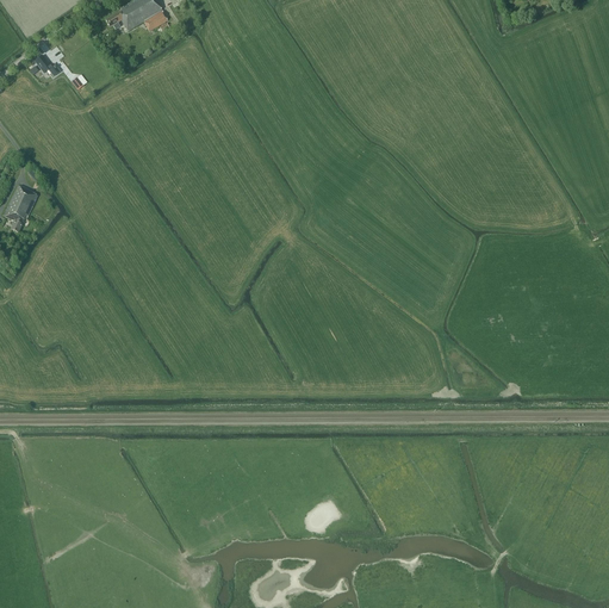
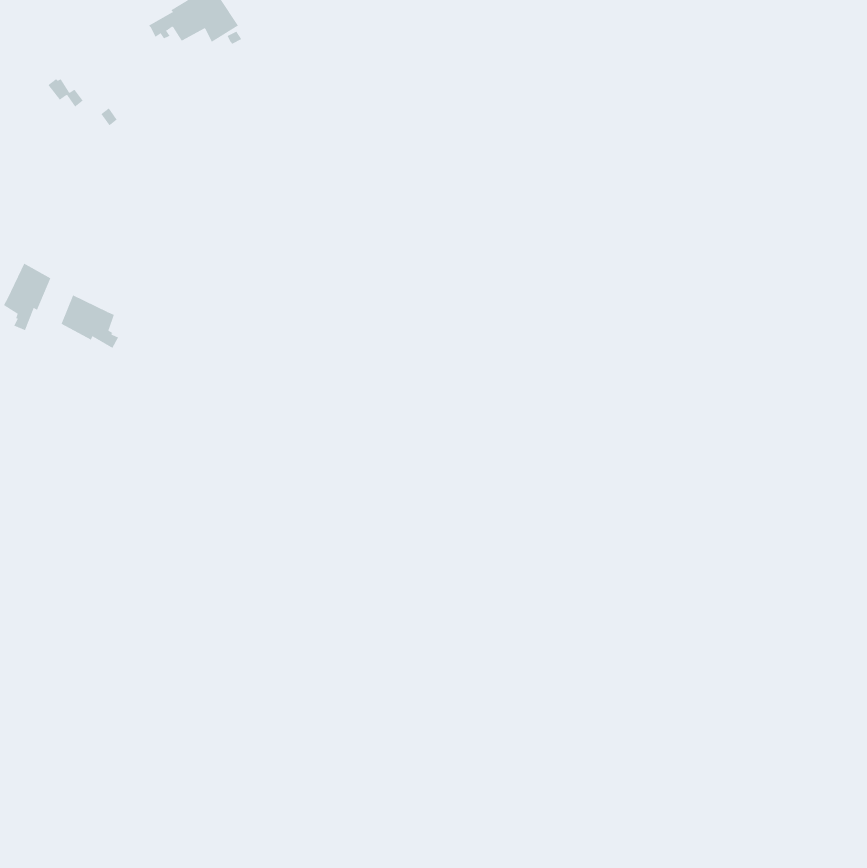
building: none -> [61,295,119,349]

